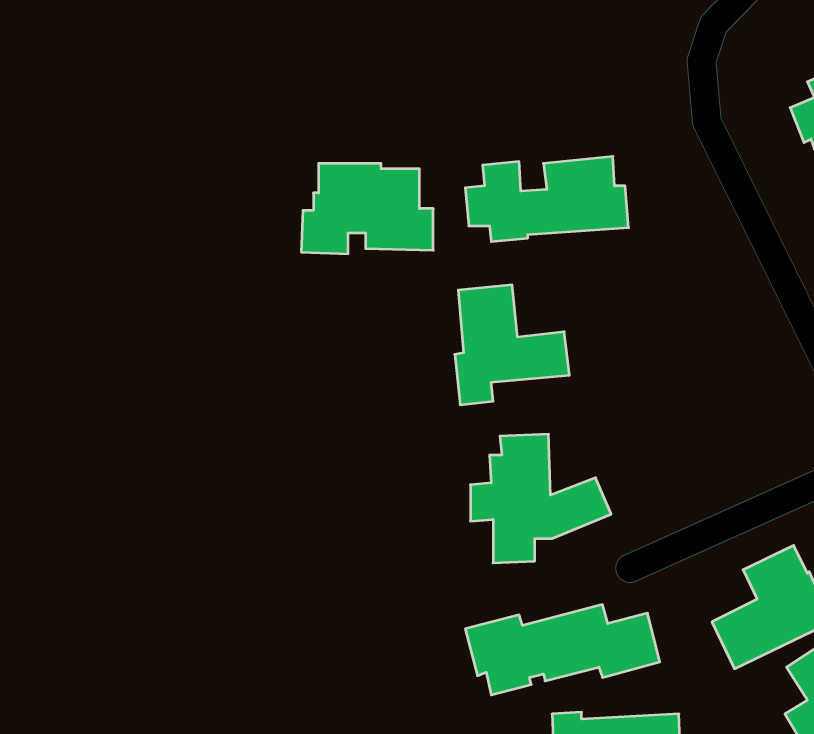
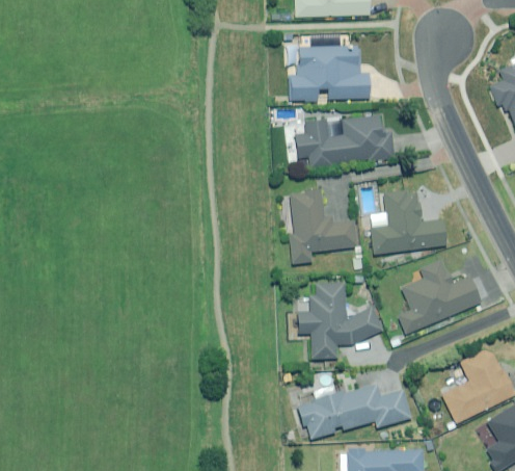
building: [301,163,433,254] -> [290,47,369,101]
building: none -> [370,190,445,254]
building: none -> [399,260,482,334]

